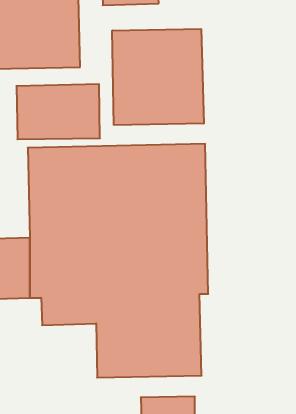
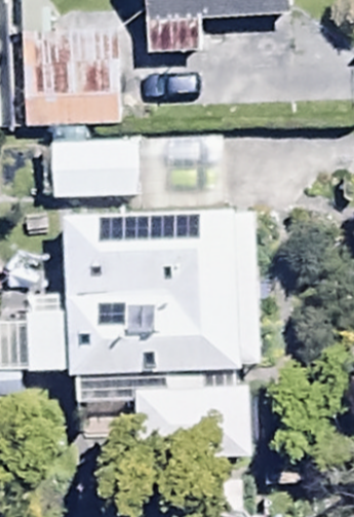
building: [112,29,204,125] -> none

